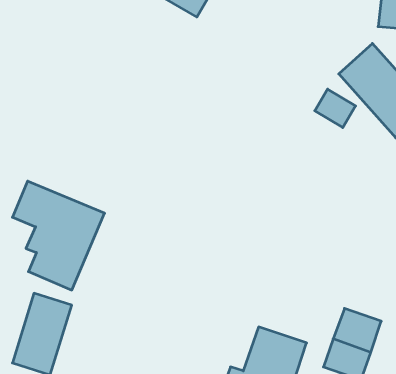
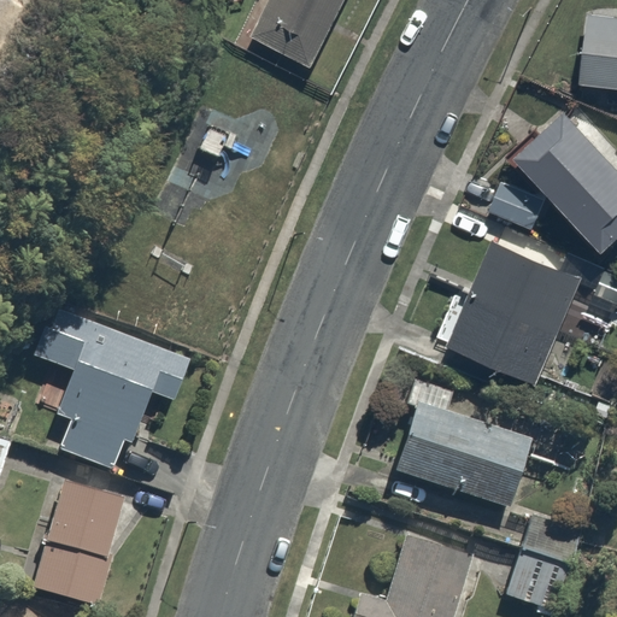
building: none -> [445,239,587,386]
building: none -> [392,378,535,515]

